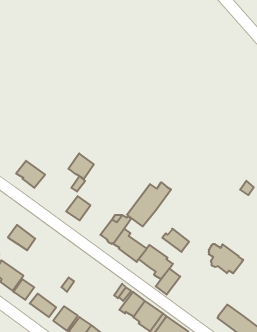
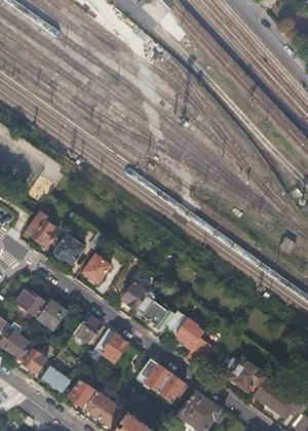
building: [68,153,94,179] -> [53,234,82,263]
building: [127,182,171,226] -> none
building: [162,229,189,252] -> none
building: none -> [36,299,67,330]
building: [209,244,243,273] -> [226,358,265,391]
building: none -> [73,312,103,342]
building: none -> [93,327,128,362]

